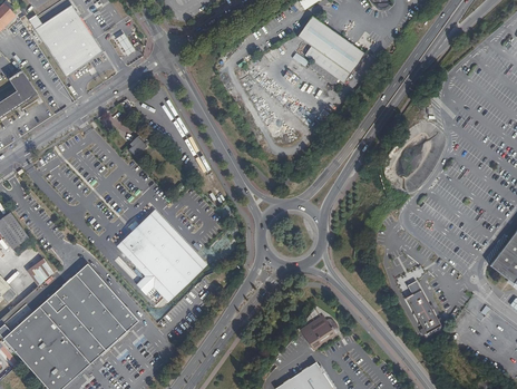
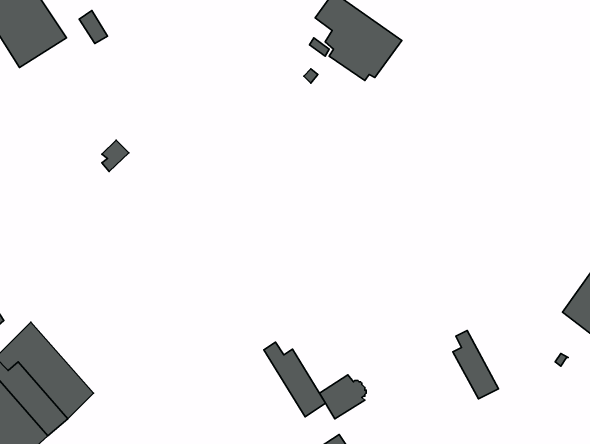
building: [118,212,206,303] -> none
building: [75,263,136,330] -> none
building: none -> [264,342,325,417]

